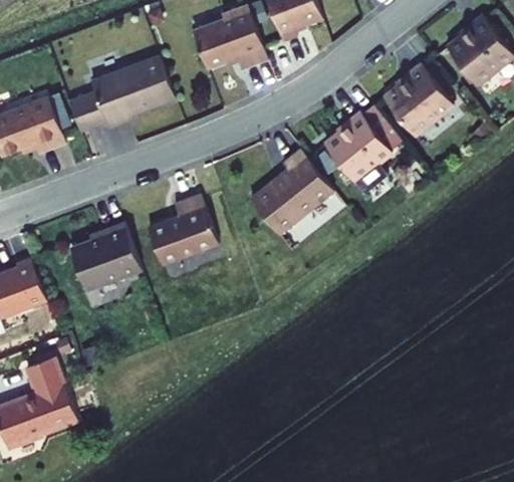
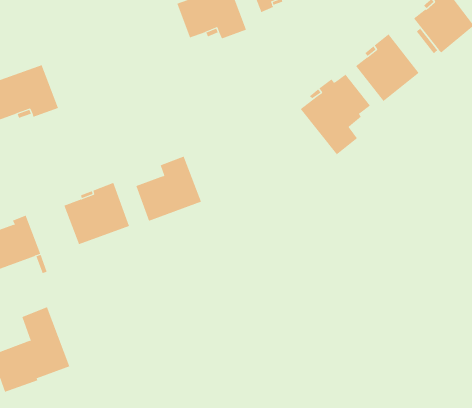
building: [68,57,175,132] -> none
building: [250,150,333,235] -> none

